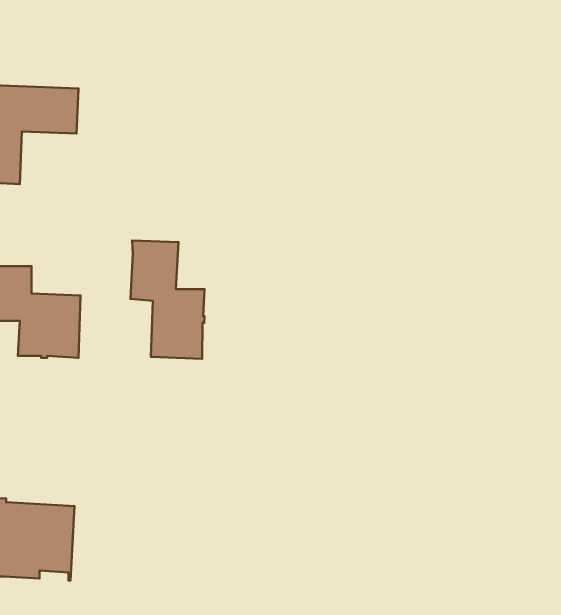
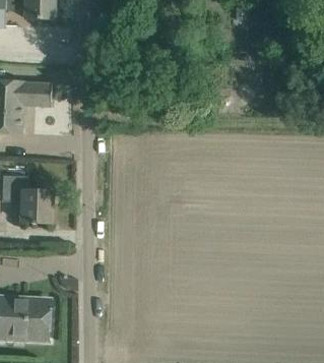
building: [130,241,205,359] -> none

